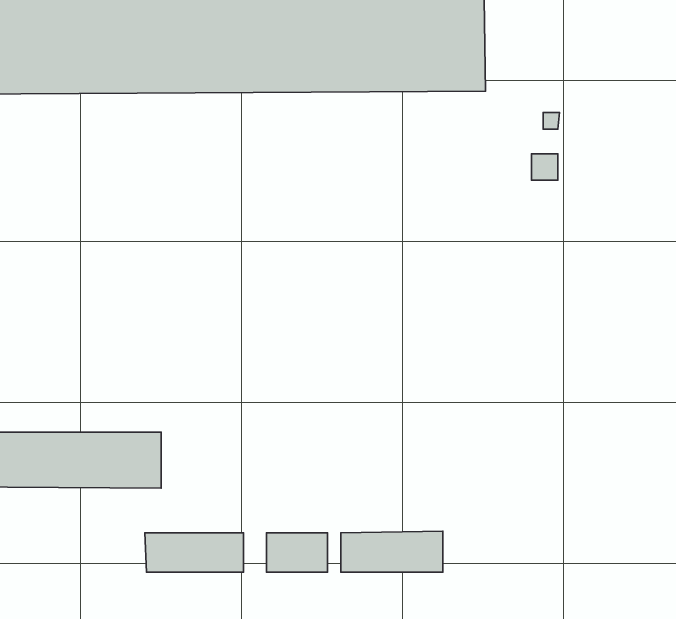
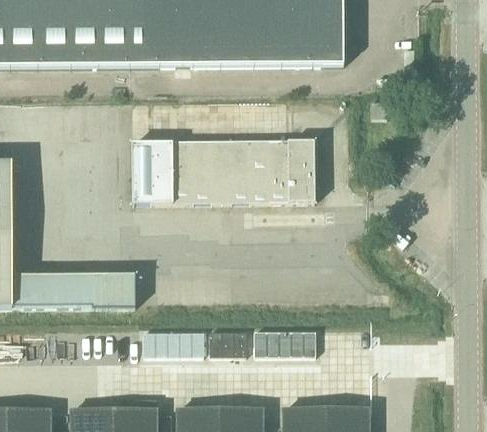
building: none -> [133,139,316,202]

